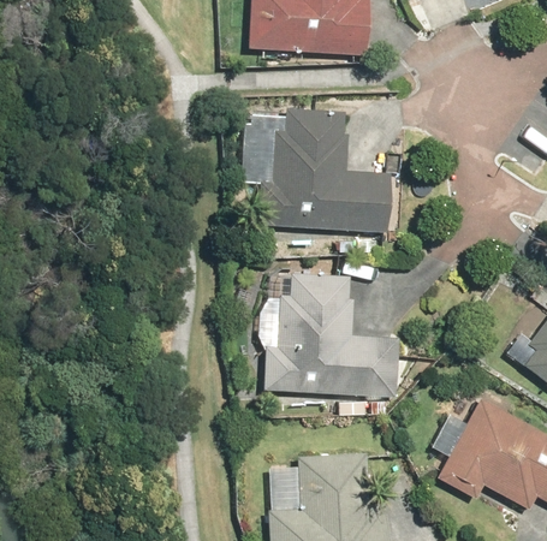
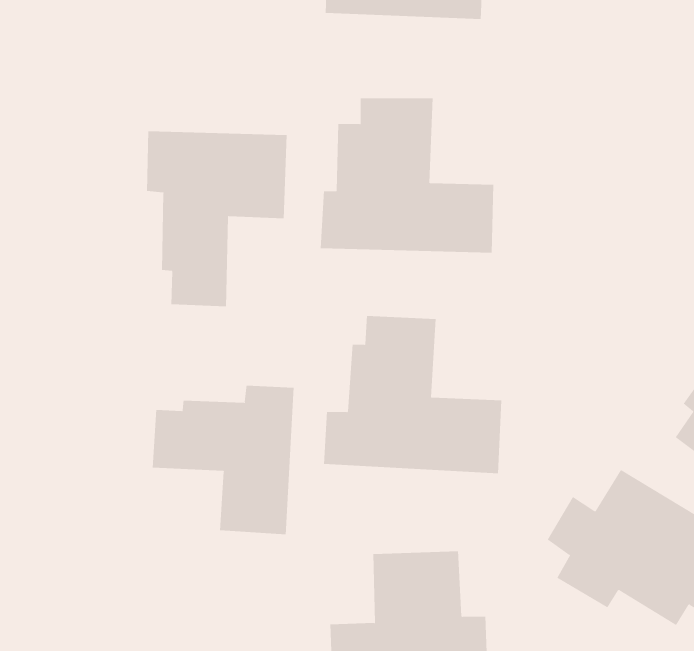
building: none -> [146,131,287,307]
building: none -> [152,385,294,535]

